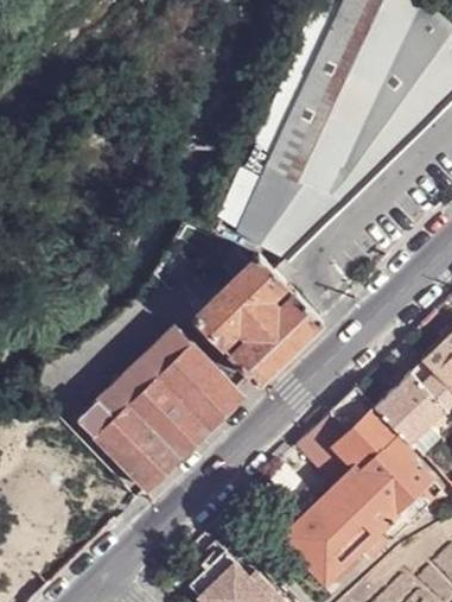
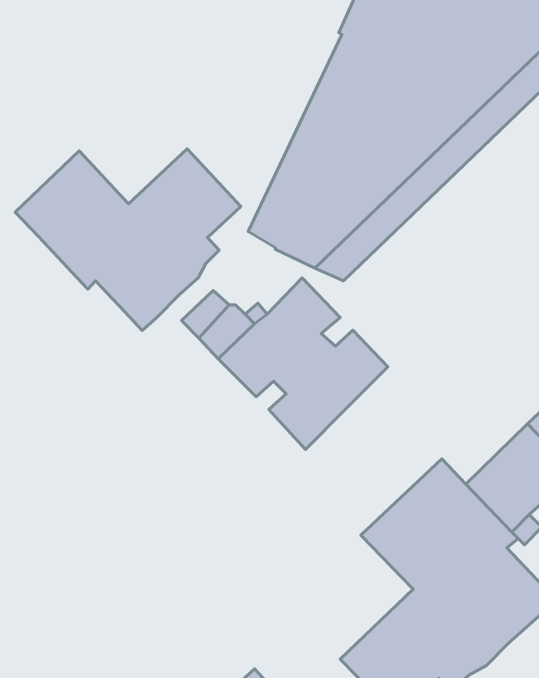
building: none -> [15,149,241,331]
building: [75,327,242,493] -> none

